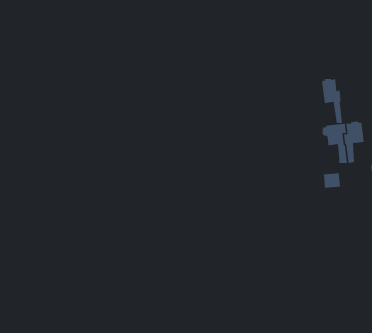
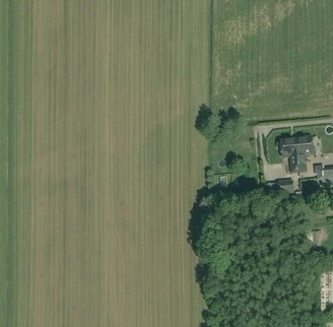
building: [322,78,343,124] -> none

